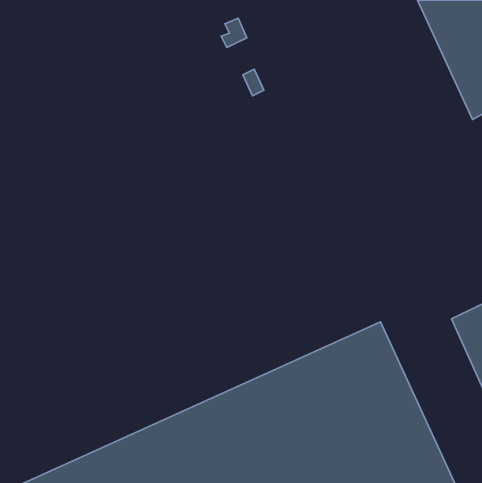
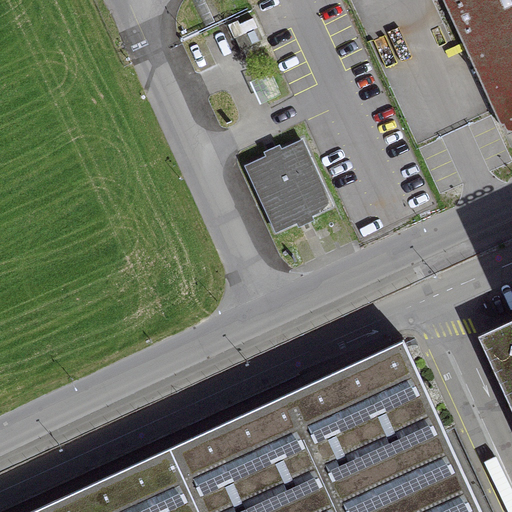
building: none -> [247,143,332,233]

